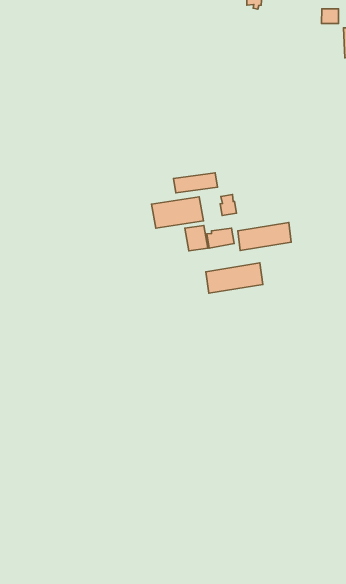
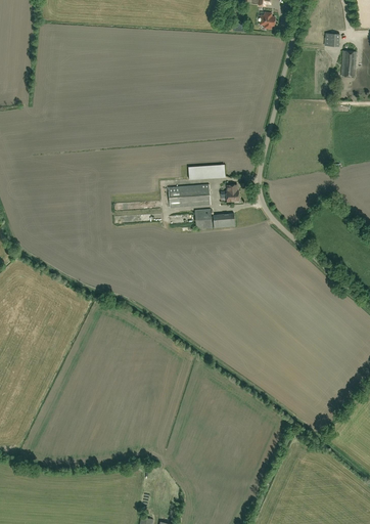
building: [238,223,291,250] -> none
building: [206,263,263,293] -> none

